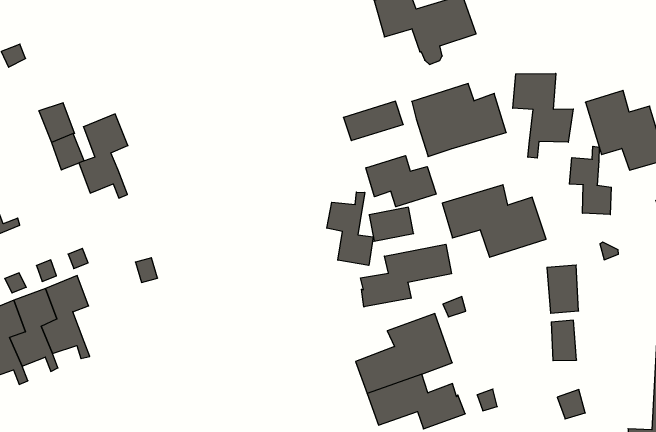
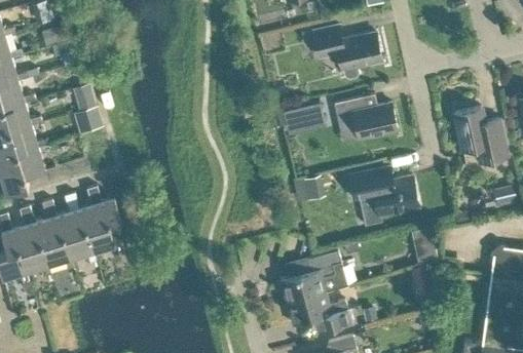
building: [513,73,573,158] -> none
building: [79,114,128,198] -> [86,198,121,257]
building: [569,146,611,215] -> none
building: [366,156,436,207] -> none
building: [327,192,373,265] -> none
building: [361,244,451,307] -> none

